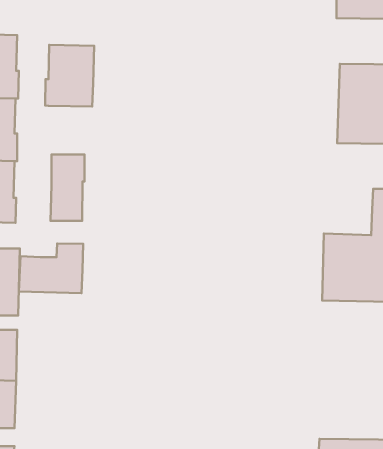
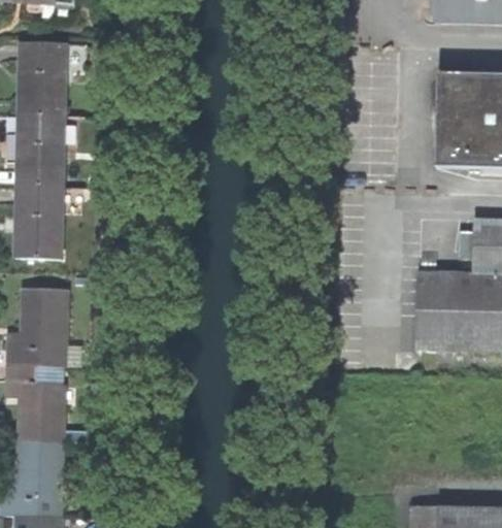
building: [45,45,94,107] -> none
building: [50,154,85,221] -> none
building: [19,243,83,293] -> none

